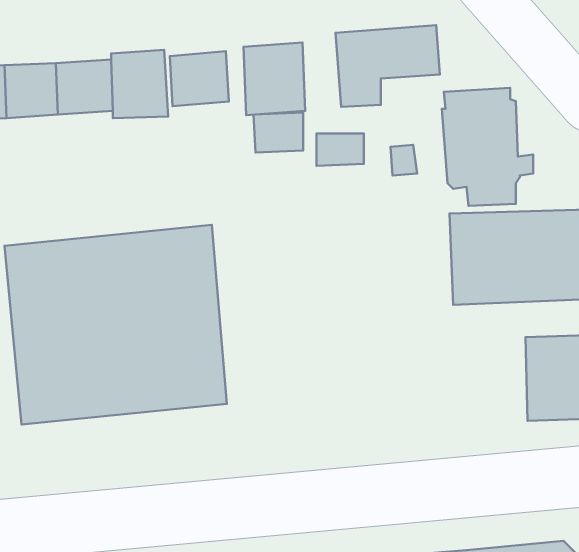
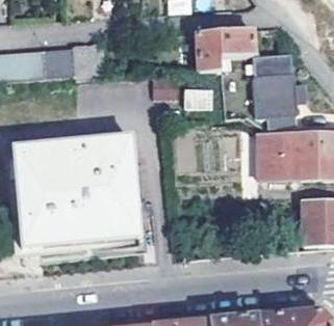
building: [244,42,305,115] -> none
building: [170,51,229,106] -> none

